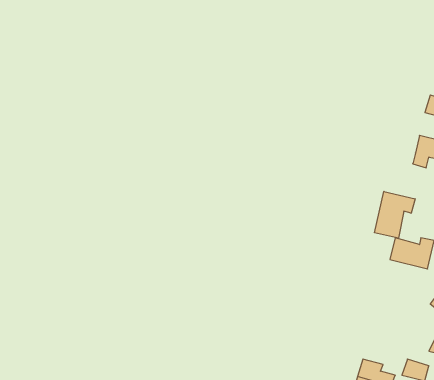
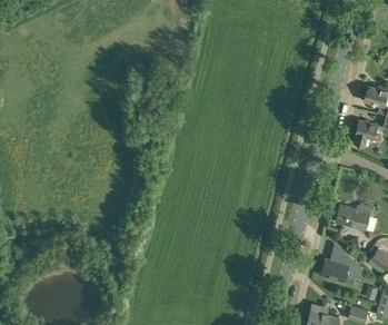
building: [375,191,415,238] -> none
building: none -> [321,253,361,282]

